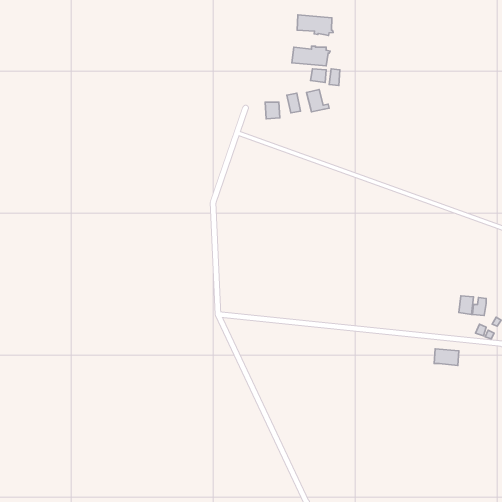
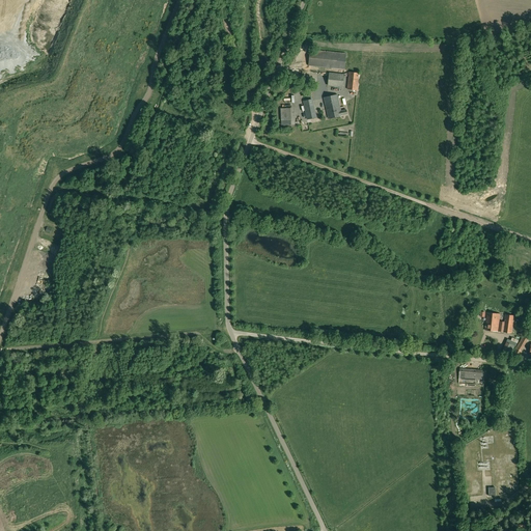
building: [297,15,333,35] -> none

